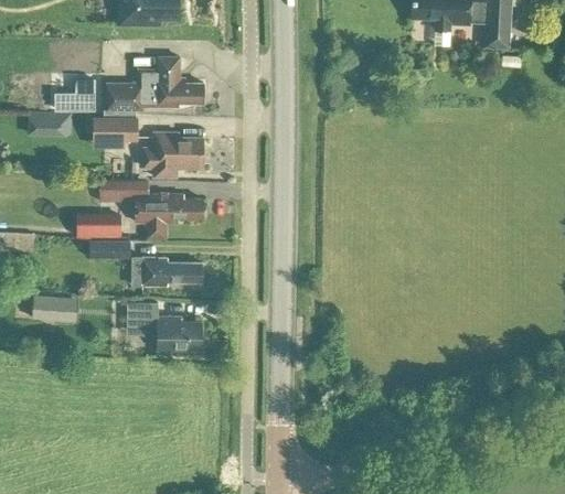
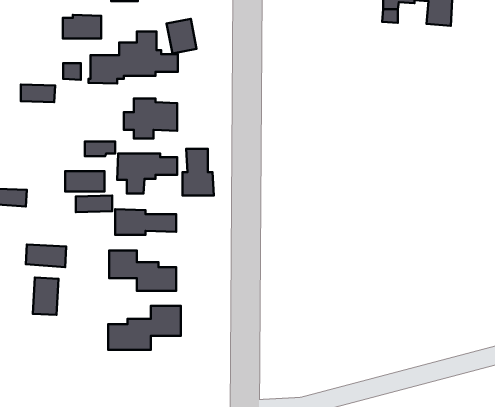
building: none -> [167,19,197,54]
building: [92,115,135,141] -> [63,15,101,38]
building: none -> [183,149,214,196]
building: none -> [33,278,58,315]
building: none -> [108,306,181,350]

